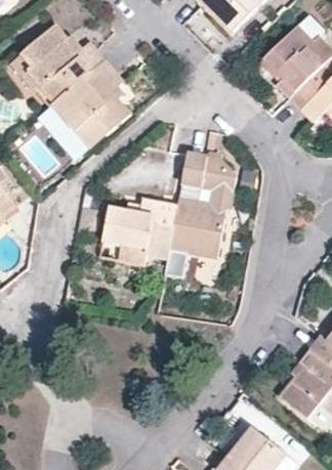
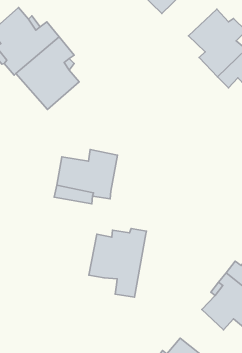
building: [165,152,237,276] -> none
building: none -> [89,229,147,297]

